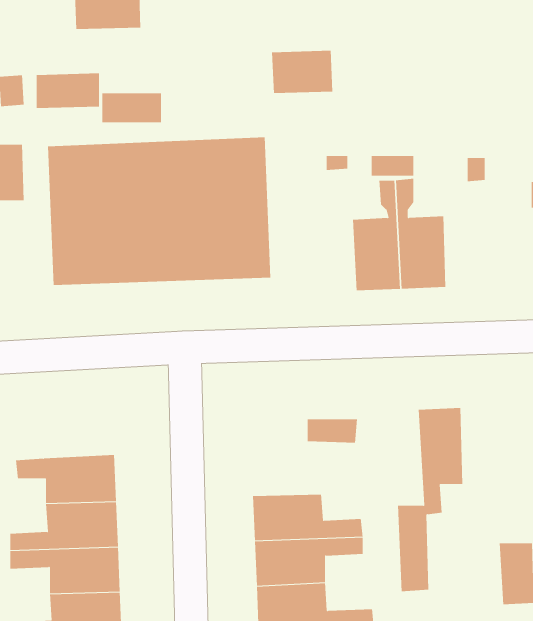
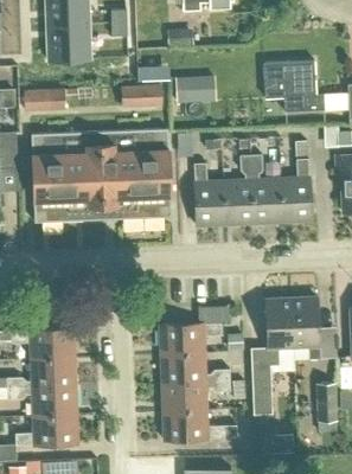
building: none -> [264,63,325,113]
building: [102,93,162,123] -> [121,85,159,104]
building: none -> [281,159,312,223]
building: none -> [193,164,225,226]
building: none -> [292,297,320,359]
building: none -> [159,324,222,354]

